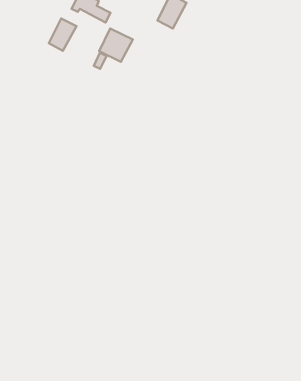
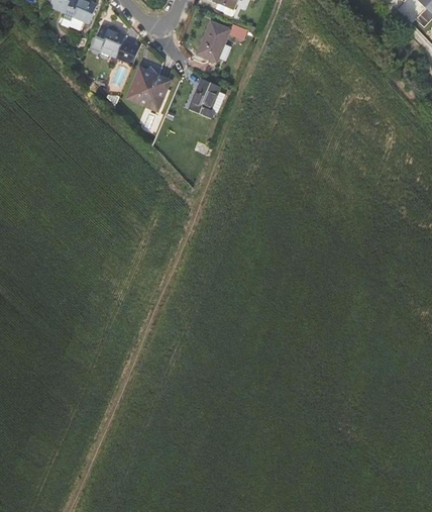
building: [49,19,77,51] -> none
building: none -> [190,77,221,117]

